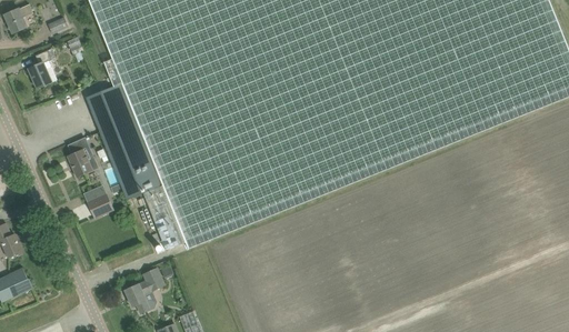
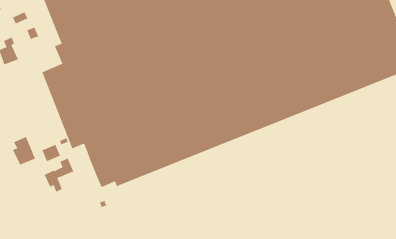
building: [68,138,99,177] -> [12,136,36,166]
building: [126,268,166,313] -> [44,158,74,192]

